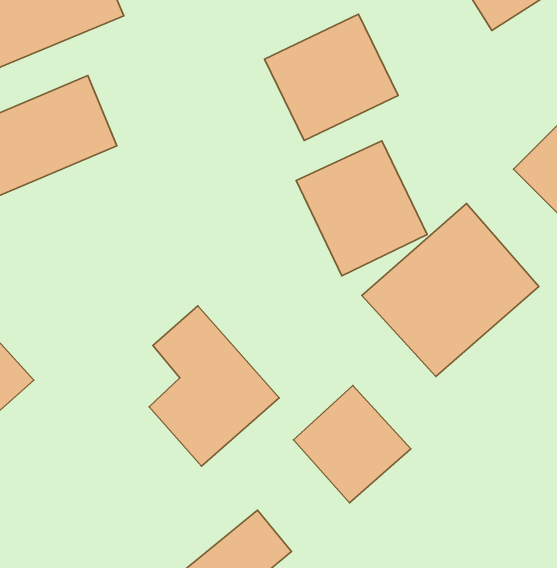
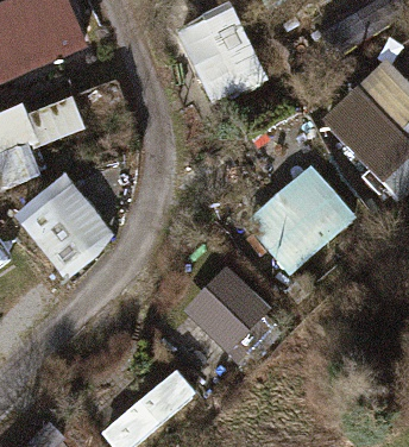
building: [296,141,427,276] -> none
building: [149,306,279,466] -> [29,171,114,277]

